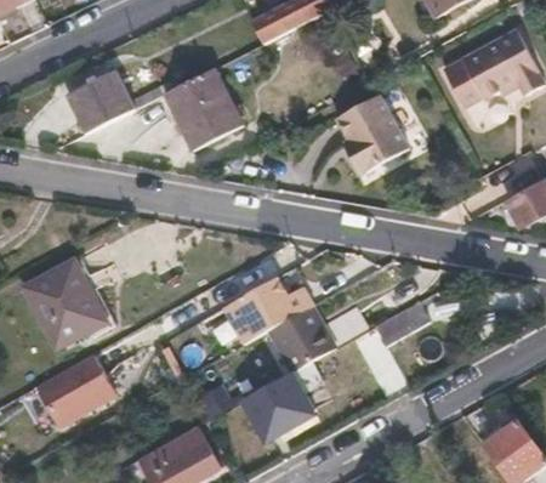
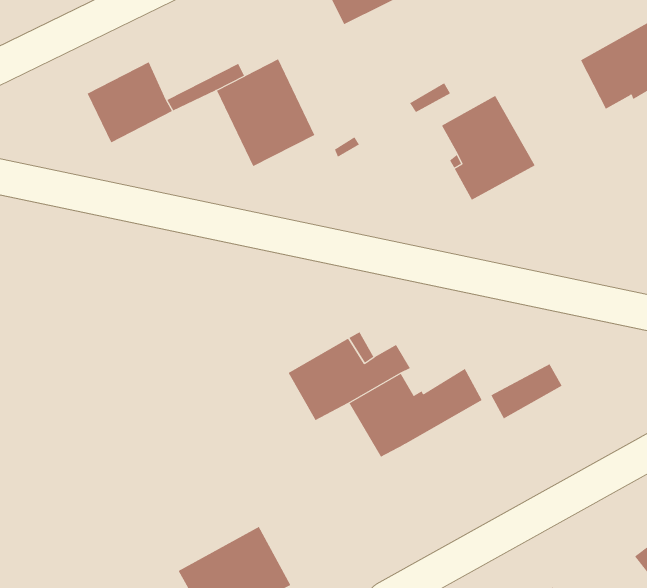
building: [28,262,102,345] -> none
building: [34,353,115,427] -> none
building: [243,362,322,439] -> none

